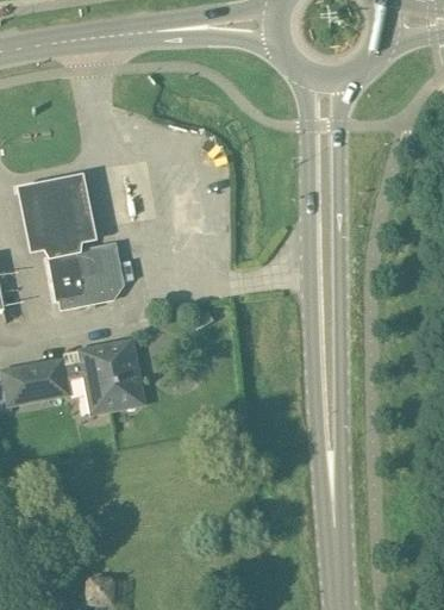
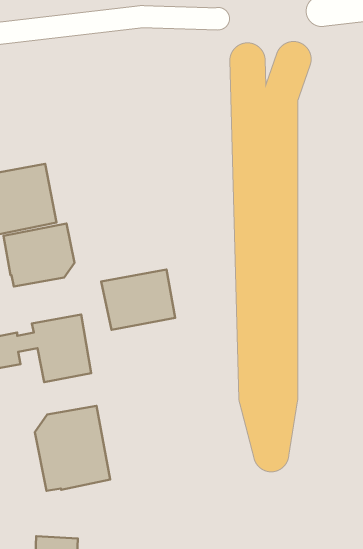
building: none -> [101,270,175,330]
building: none -> [35,406,110,491]

